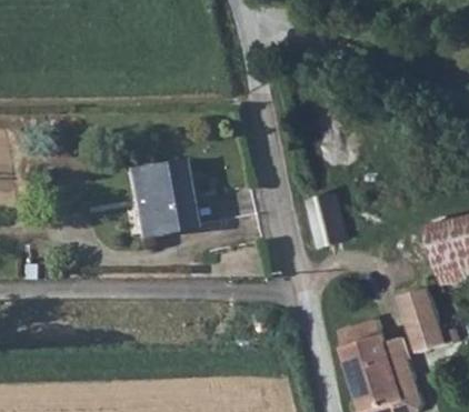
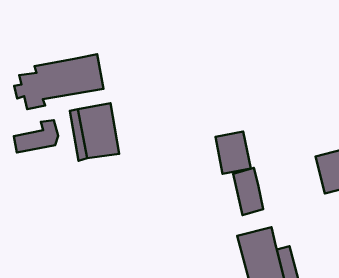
building: none -> [14,54,104,109]
building: none -> [14,120,58,153]
building: [407,279,446,340] -> [233,168,263,215]

